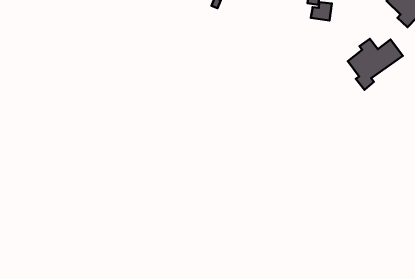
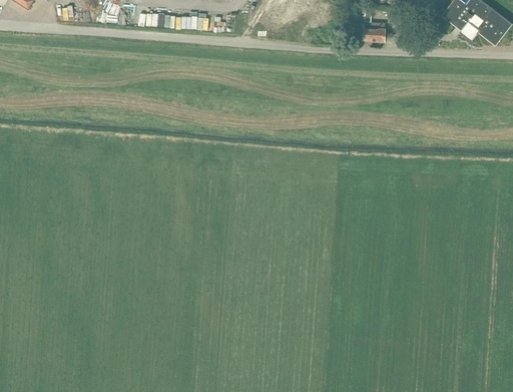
building: [348,39,403,90] -> none

